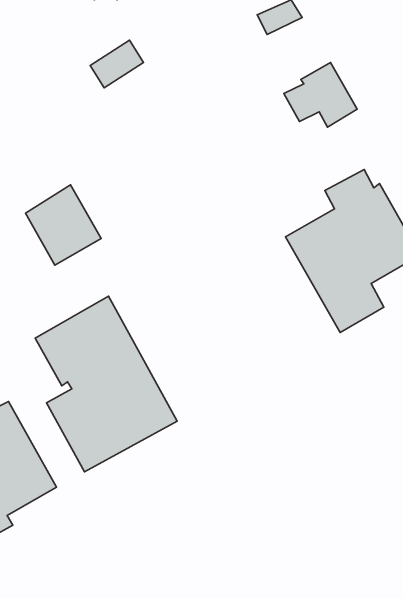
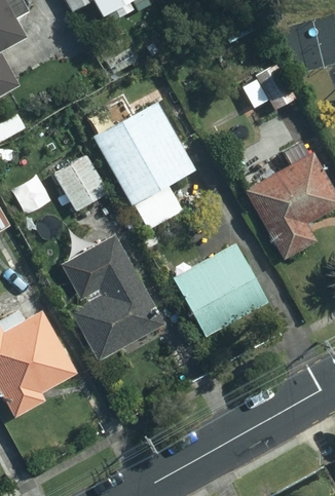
building: none -> [94,101,194,229]
building: none -> [173,242,268,338]

